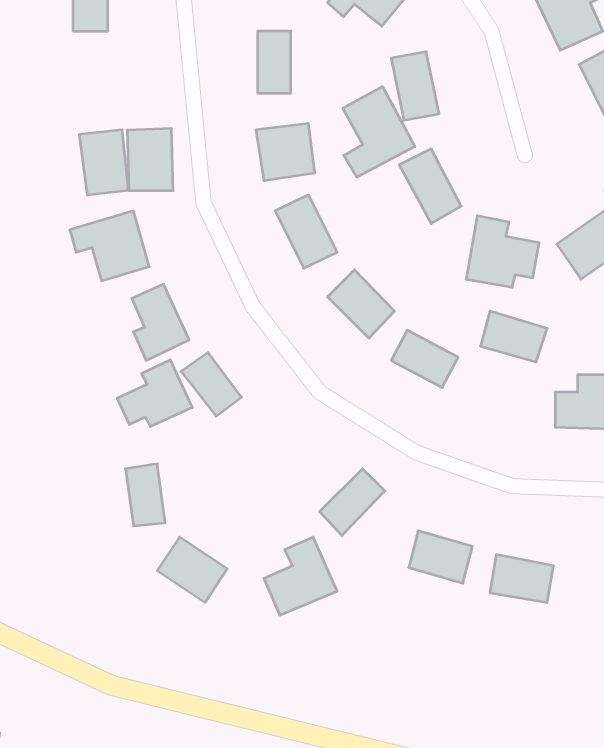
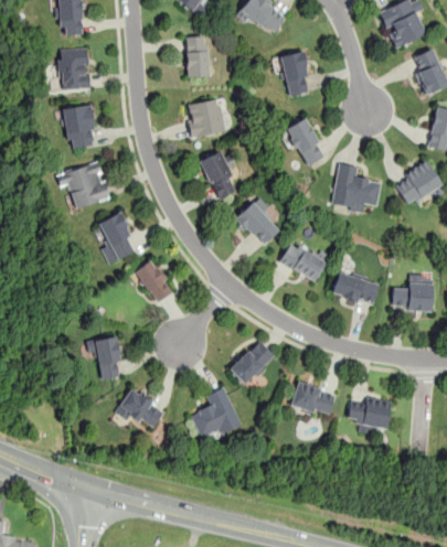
building: [343,87,415,177] -> none
building: [127,129,173,191] -> [58,47,91,90]
building: [480,311,547,362] -> [333,269,380,304]
building: [117,360,192,427] -> none

